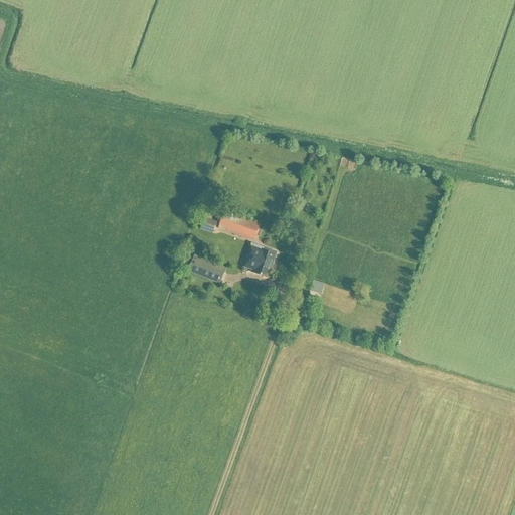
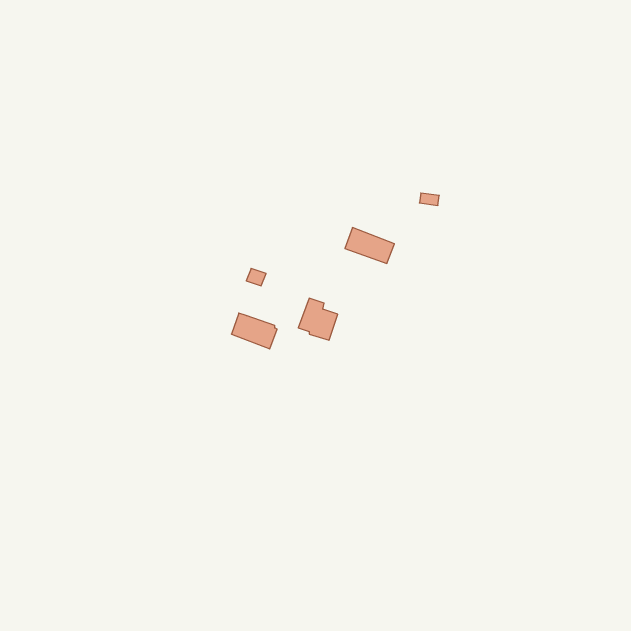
building: [218,211,259,240] -> [345,228,394,263]

